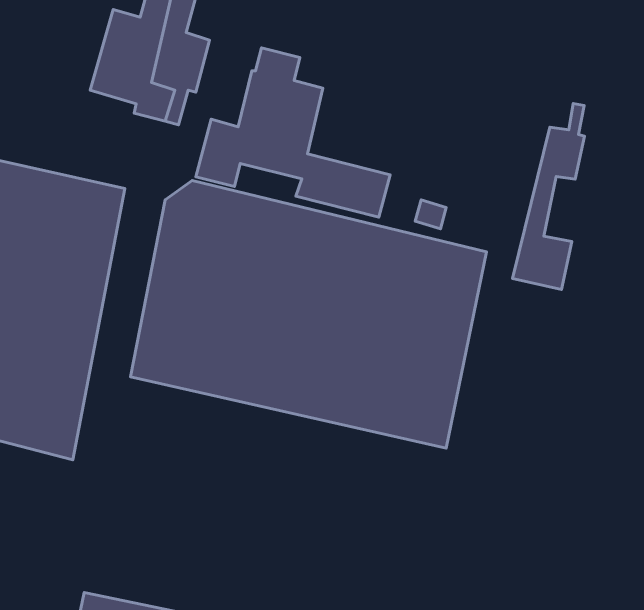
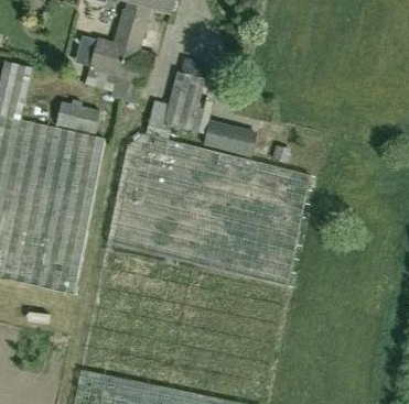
building: [513,104,585,290] -> none
building: none -> [55,99,99,132]

